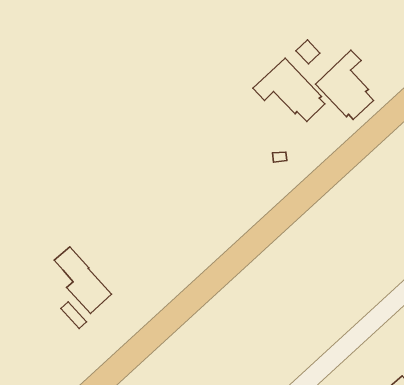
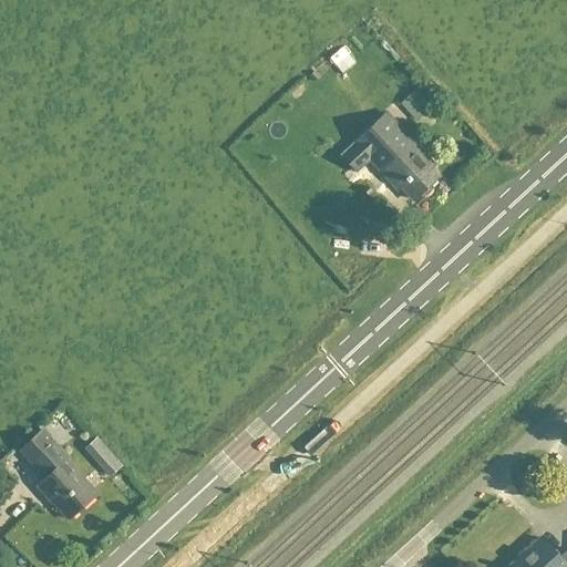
building: [316,50,374,120] -> none
building: [54,247,111,313] -> [21,431,97,519]

